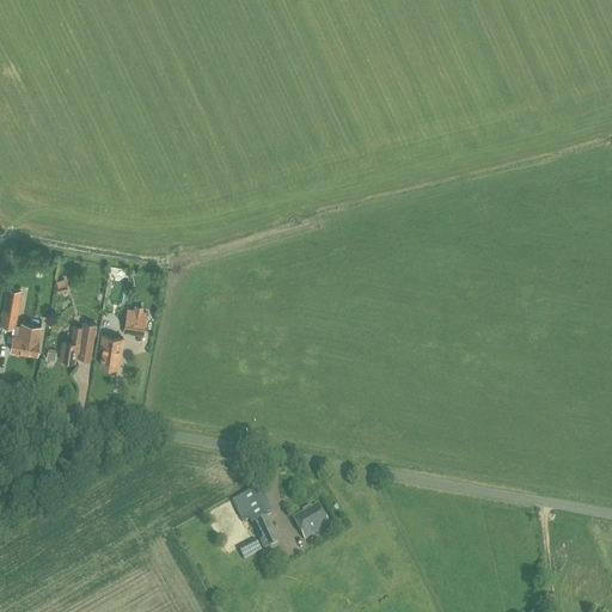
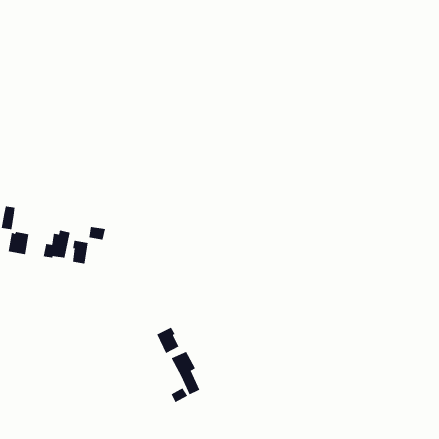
building: none -> [156,327,179,354]
building: [293,503,329,539] -> none

